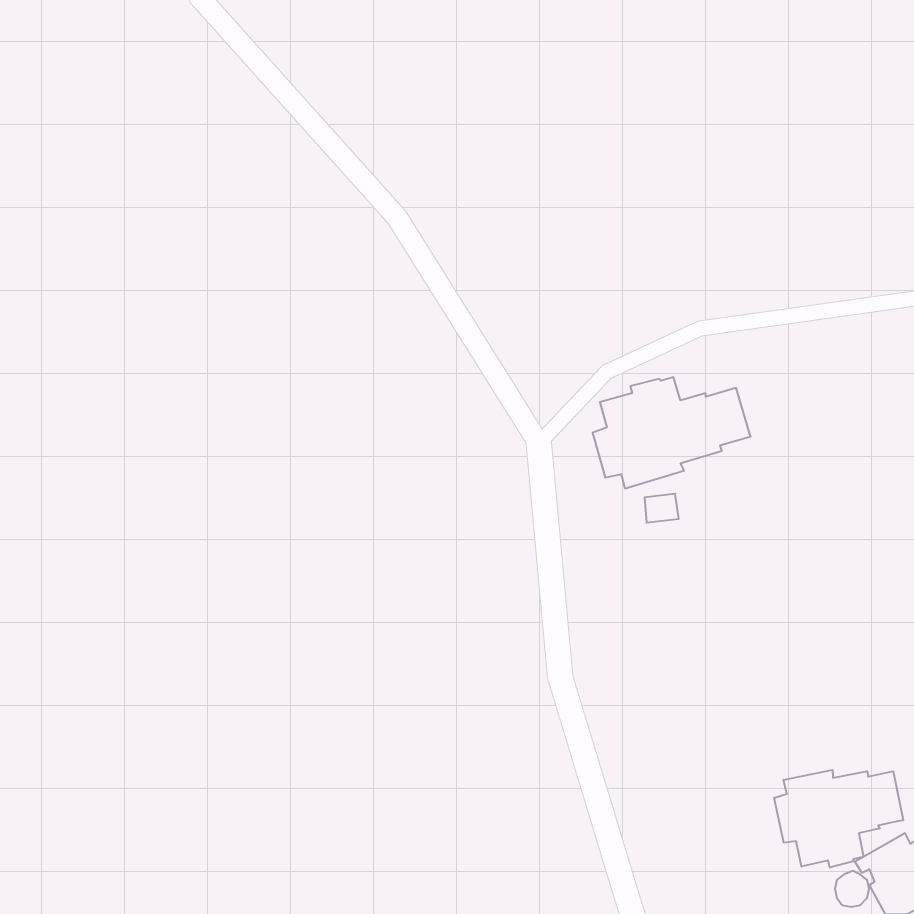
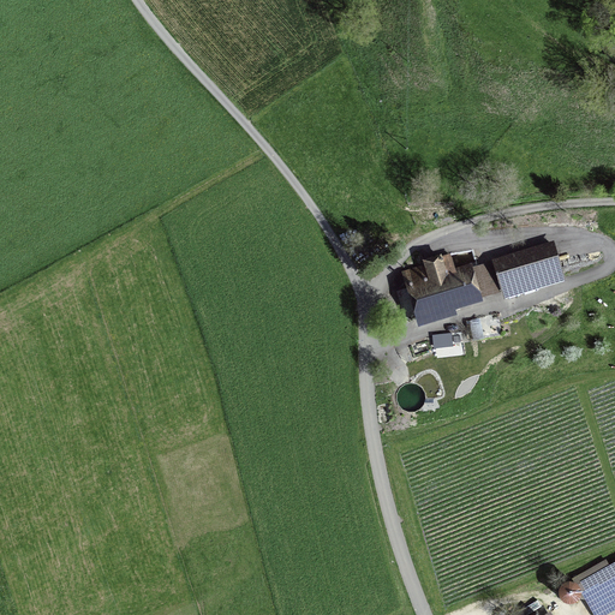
building: none -> [494,239,568,299]
building: [774,770,903,868] -> none

